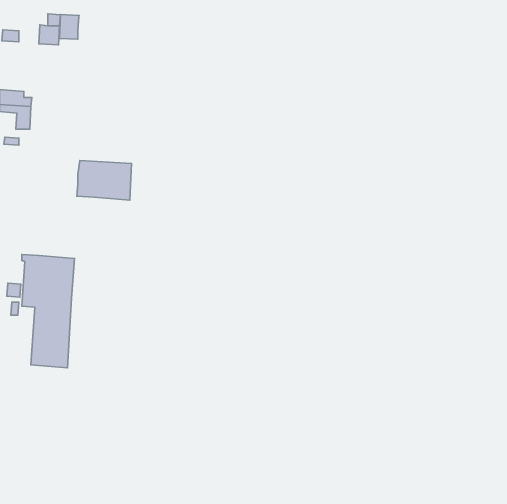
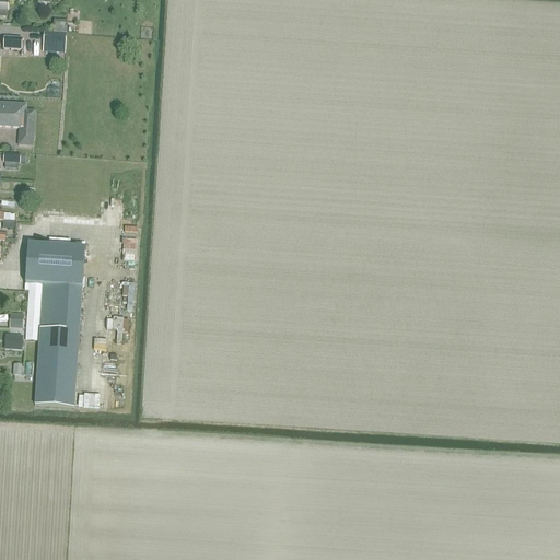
building: [59,15,79,39] -> none
building: [77,160,132,200] -> [24,241,84,284]

